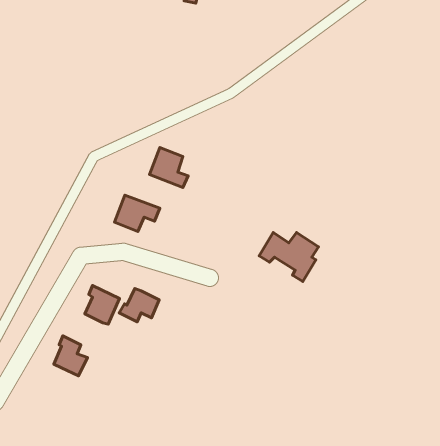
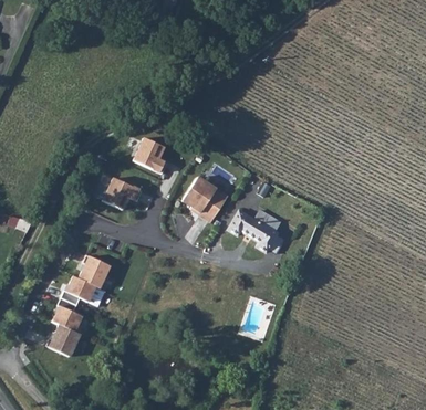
building: none -> [184,176,229,220]
building: [119,288,159,322] -> [61,276,95,305]
building: none -> [46,325,80,357]

